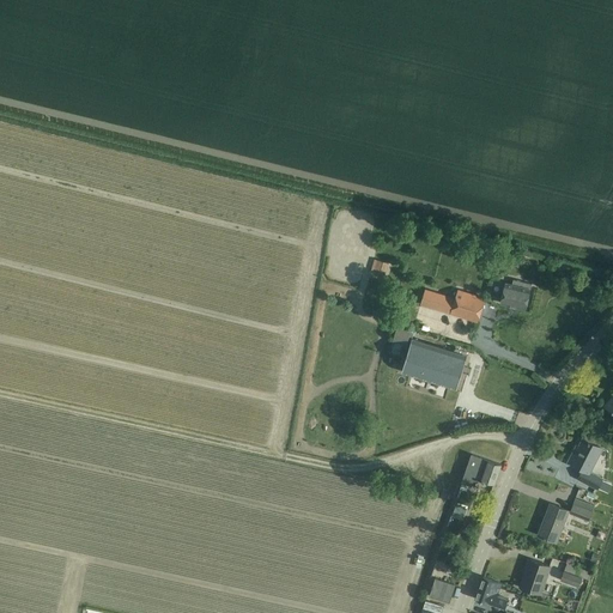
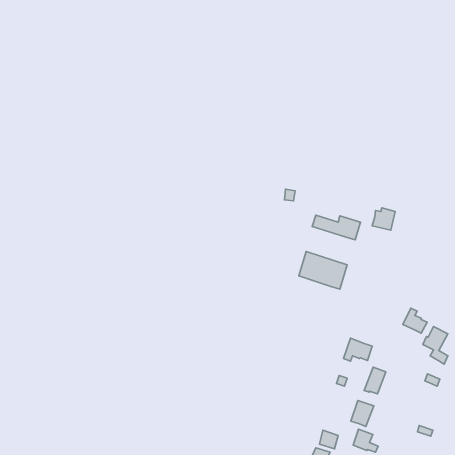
building: none -> [403,308,427,333]
building: [538,505,566,541] -> [364,367,386,394]
building: [518,560,550,595] -> [351,401,374,426]

